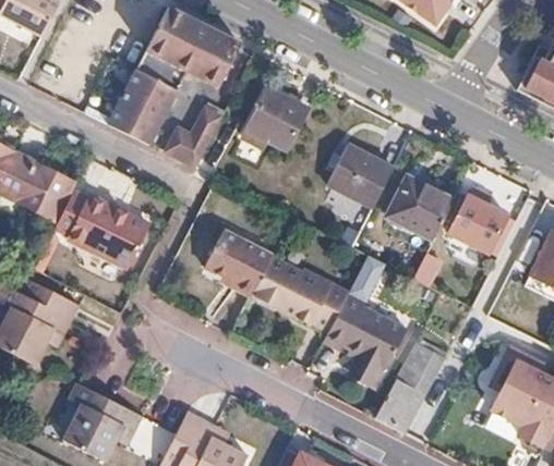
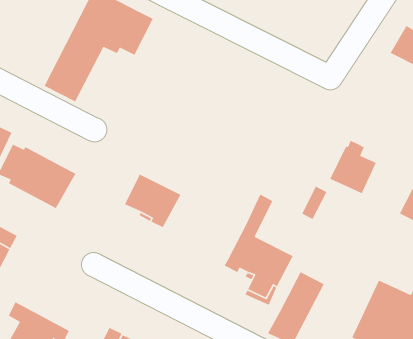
building: [243,90,308,151] -> none
building: [156,107,224,165] -> none
building: [328,144,395,207] -> none
building: [388,179,455,240] -> none
building: [252,254,350,331] -> none

